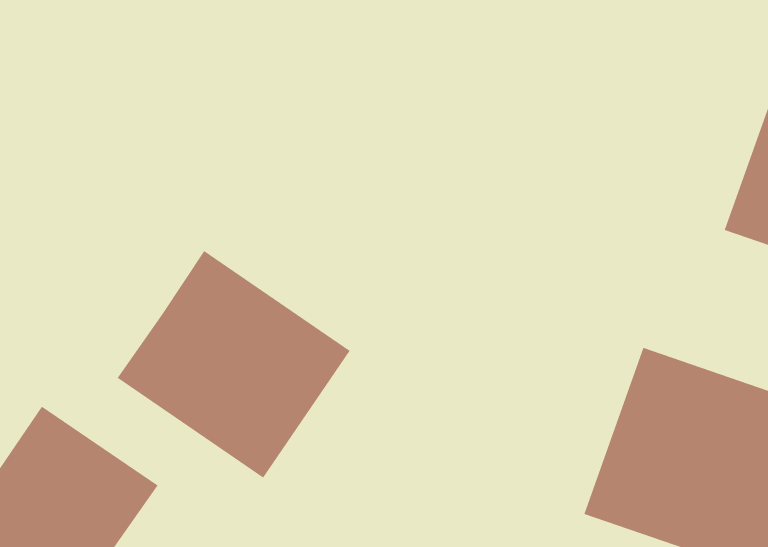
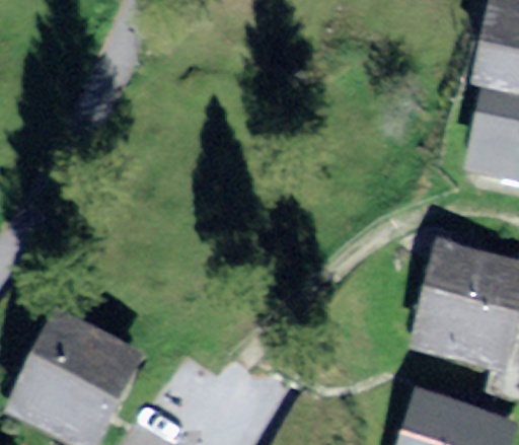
building: [117,250,351,478] -> none

